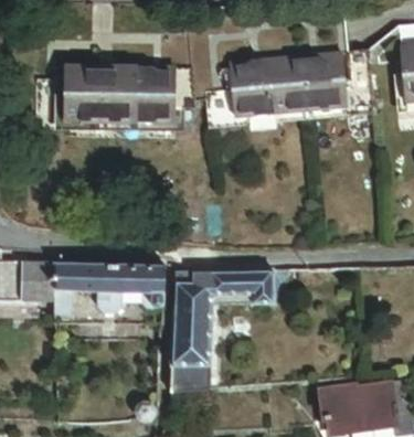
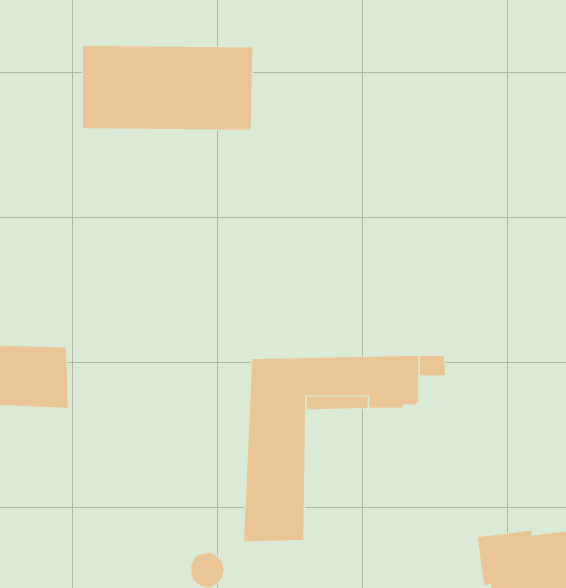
building: [230,54,347,118] -> none
building: [54,264,164,315] -> none

